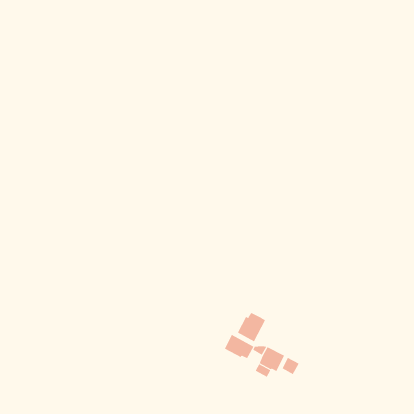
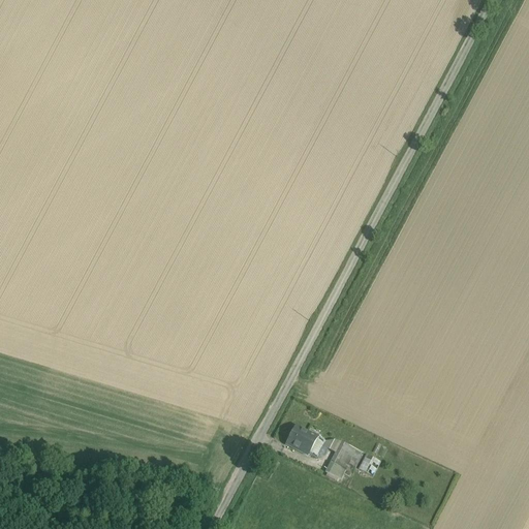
building: [237,312,266,342] -> none

